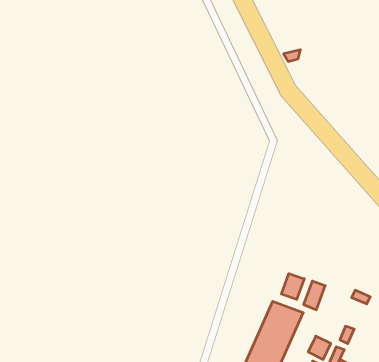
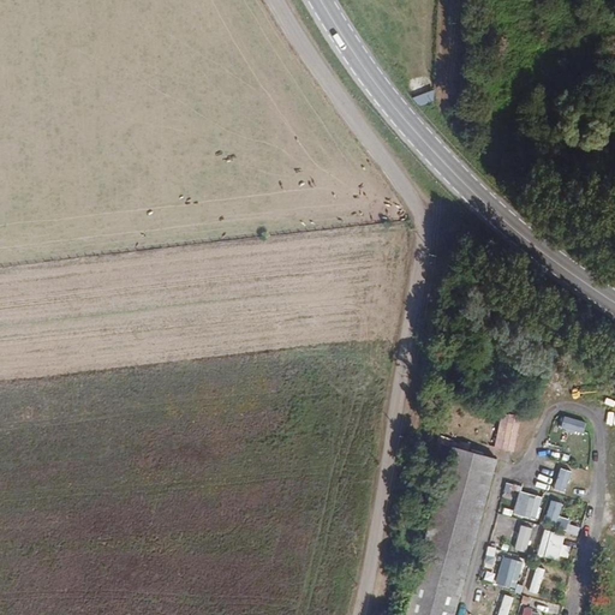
building: [281,274,304,299] -> none

